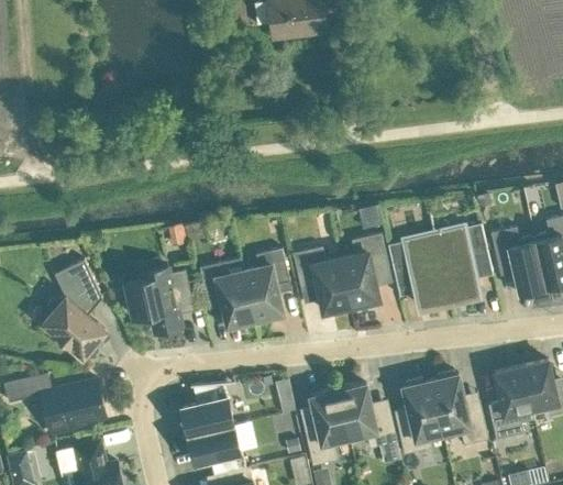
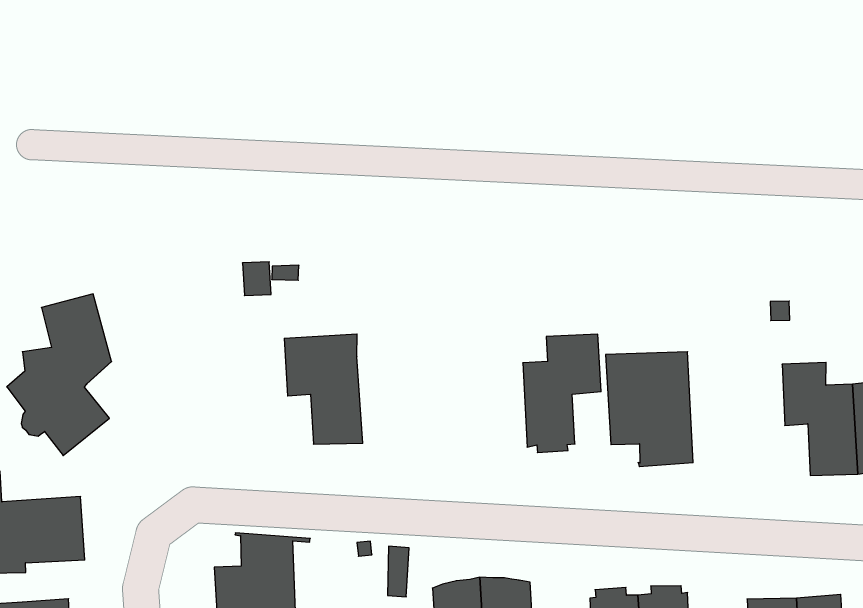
building: [434,224,493,299] -> none
building: [292,247,351,316] -> none
building: [243,249,289,321] -> none
building: [125,268,192,333] -> none

